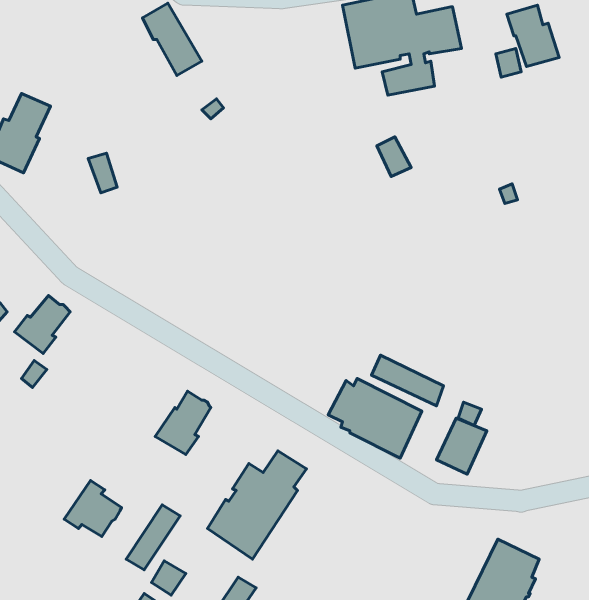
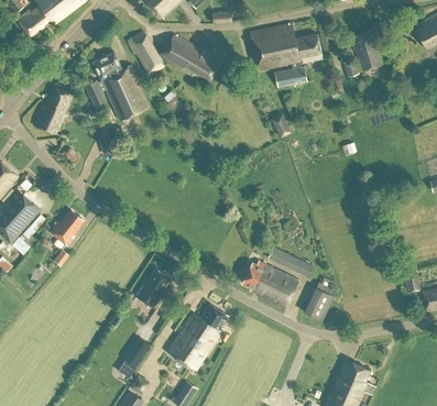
building: none -> [159,34,221,81]
building: none -> [85,51,150,120]
building: [64,480,122,537] -> none

